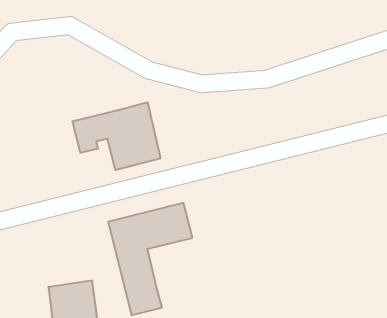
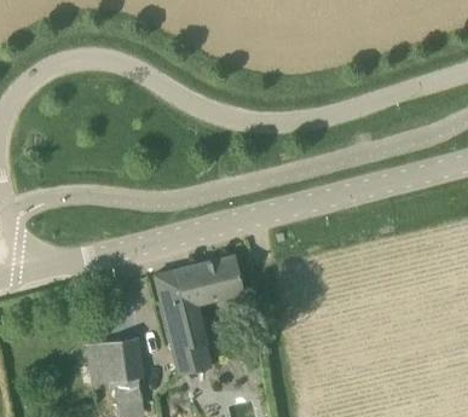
building: [73,102,161,170] -> none

